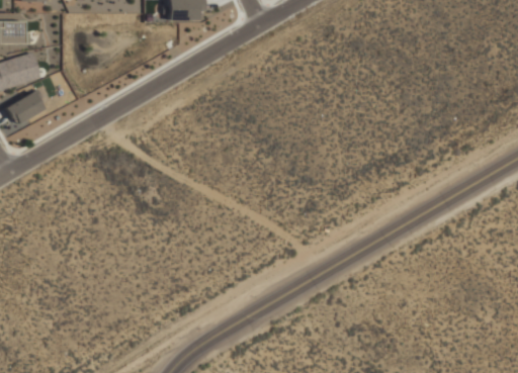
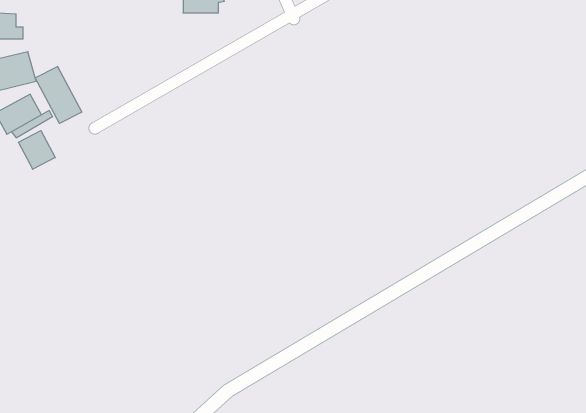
building: none -> [35,66,82,123]
building: none -> [18,131,55,169]

